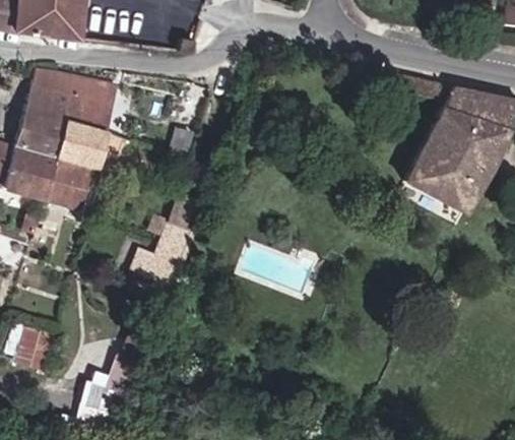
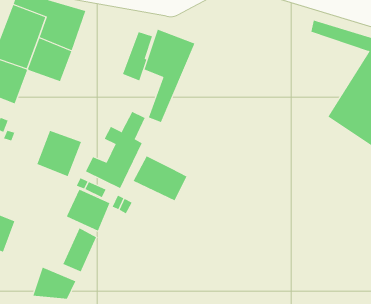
building: none -> [144,29,195,123]
building: [46,159,95,210] -> [37,130,82,177]
building: none -> [133,155,187,201]
building: none -> [67,189,110,232]

